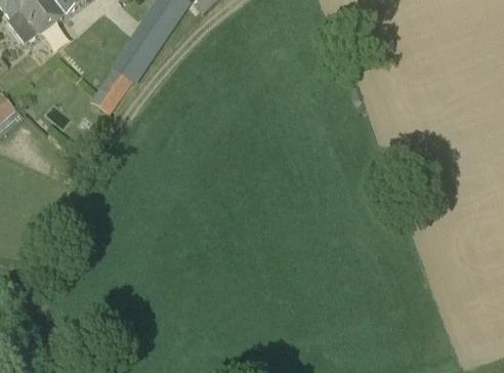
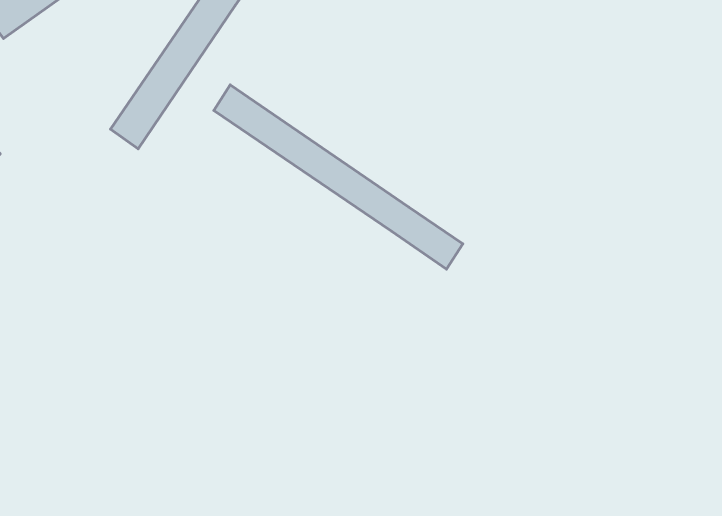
building: none -> [214,85,463,269]

